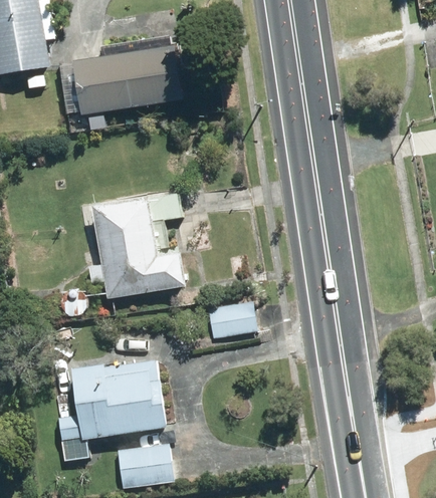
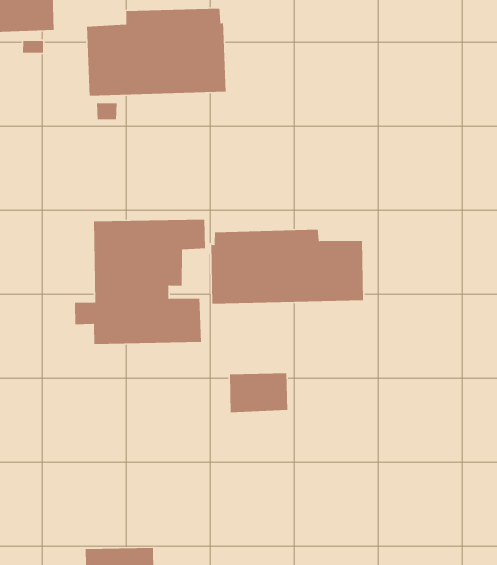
building: none -> [211,229,364,305]
building: [55,360,166,464] -> none

